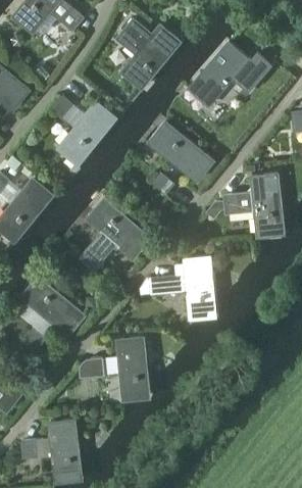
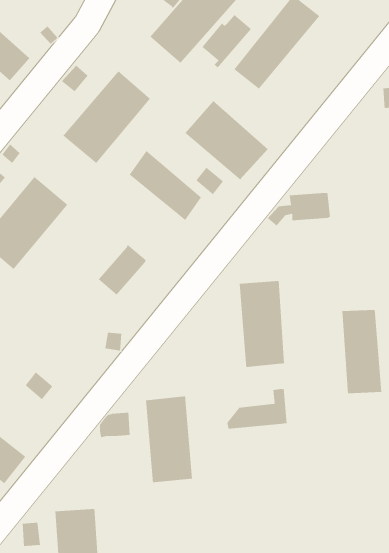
building: [233,51,270,92] -> [202,14,252,69]
building: [253,178,284,241] -> [342,310,382,394]
building: [89,200,144,253] -> [129,150,202,221]
building: [140,261,186,292] -> [226,389,287,429]
building: [14,277,83,341] -> none

